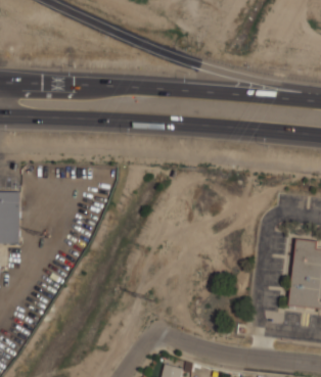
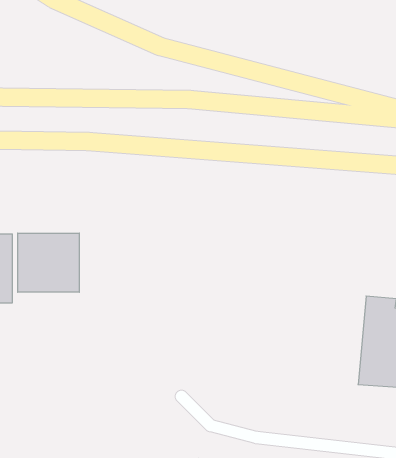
building: none -> [18,233,79,292]

